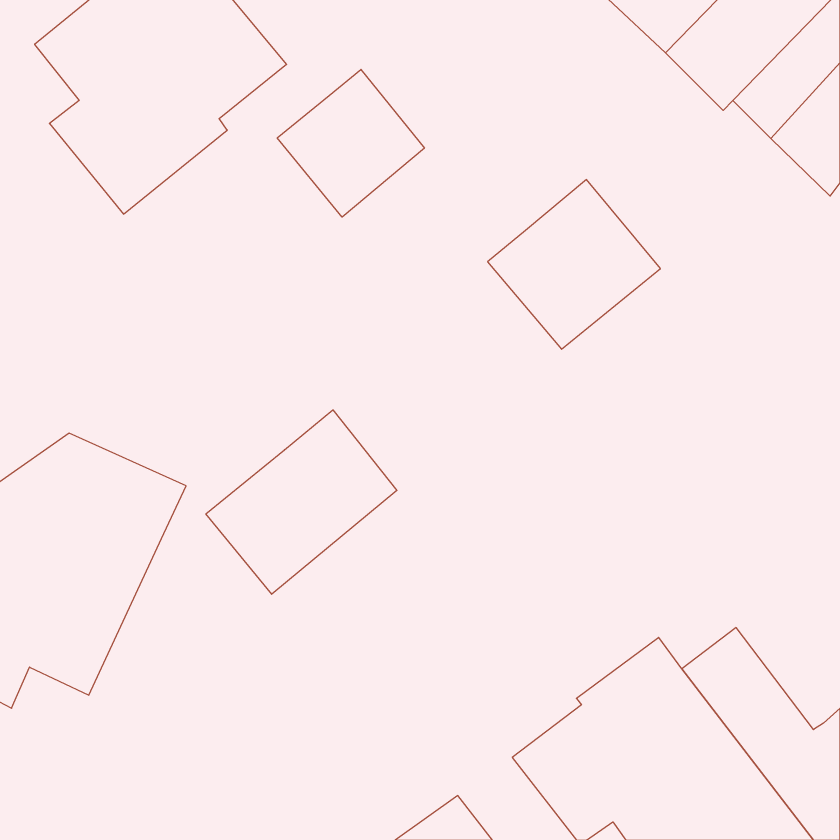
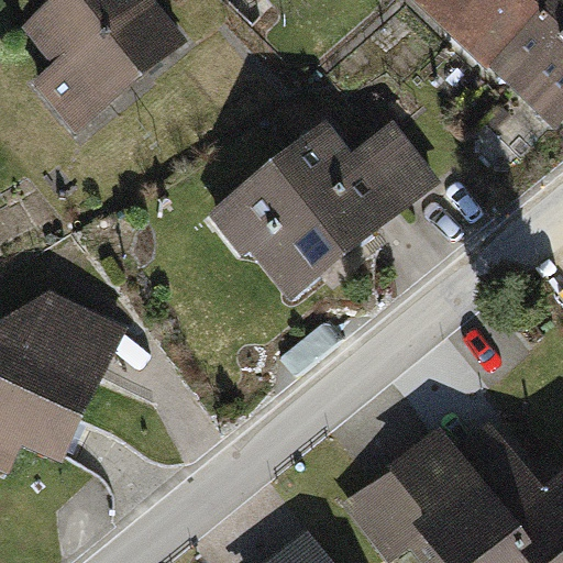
building: [277,69,424,217] -> none
building: none -> [209,120,375,302]
building: [206,410,397,594] -> none

